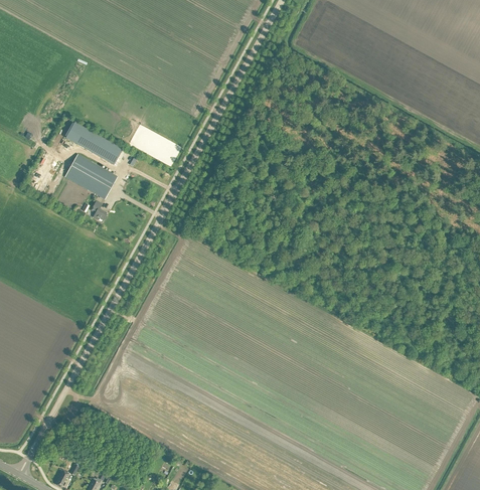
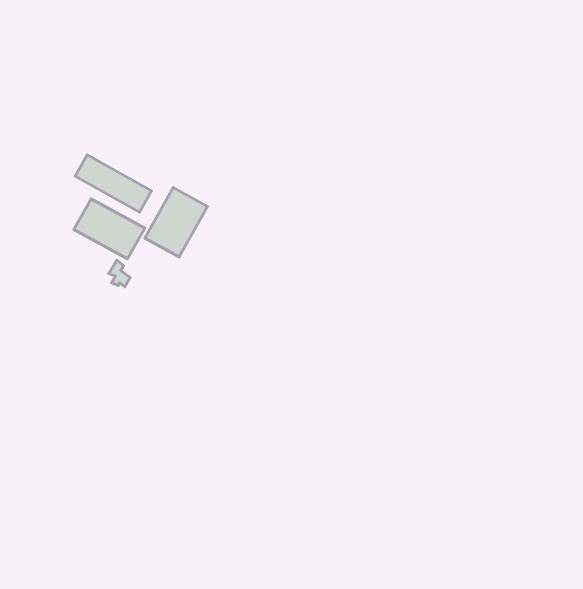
building: none -> [145,188,208,257]

